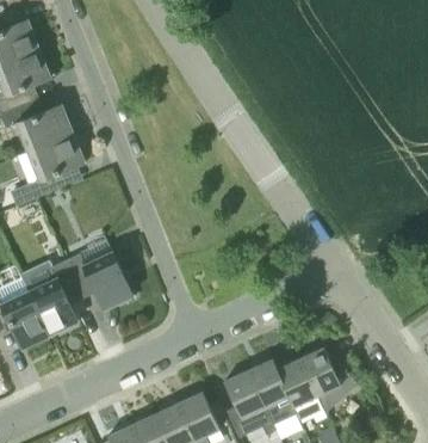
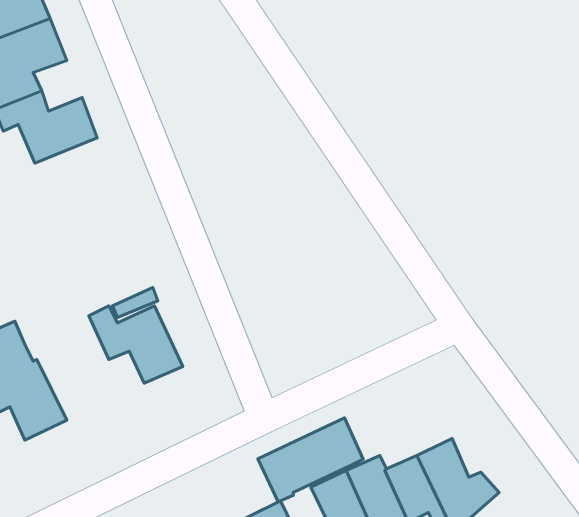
building: [11,134,85,208] -> none
building: [30,260,81,334] -> none
building: none -> [258,418,363,502]

